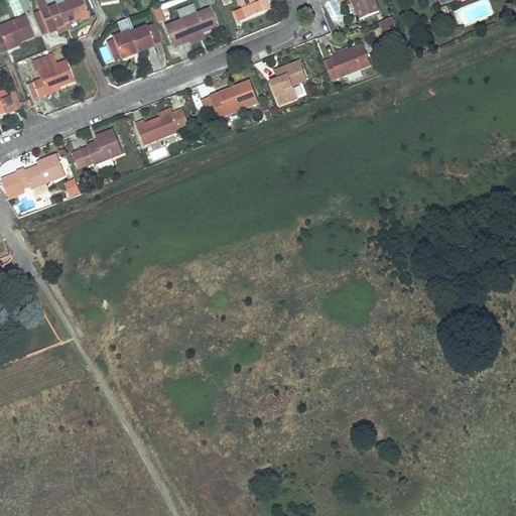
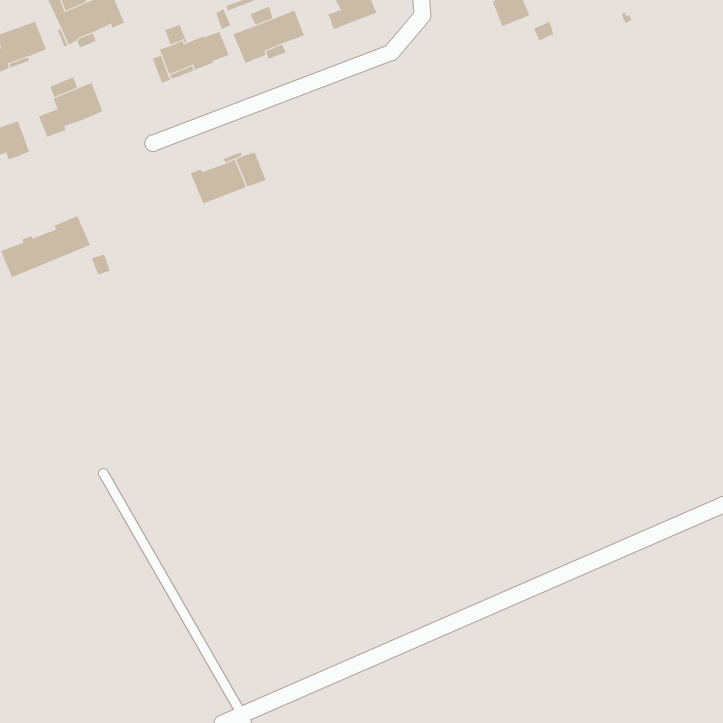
building: [324,44,371,80] -> none
building: [271,60,307,105] -> none
building: [202,81,259,124] -> none
building: [73,129,123,168] -> none

